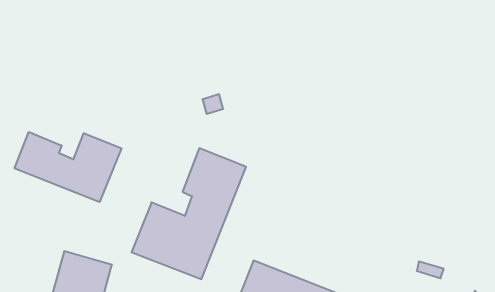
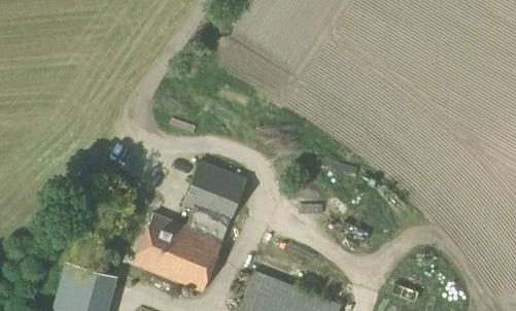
building: [15,132,121,202] -> none

